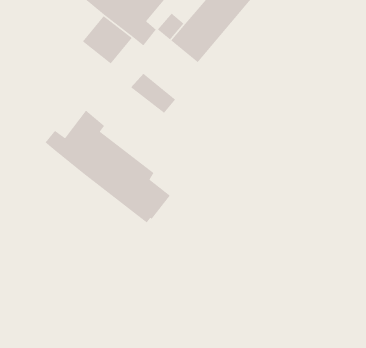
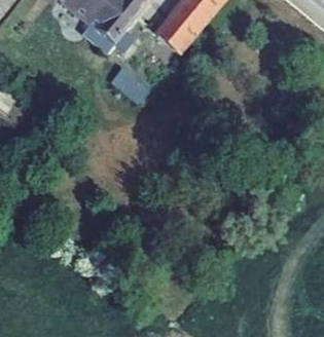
building: [44,110,171,224] -> none

